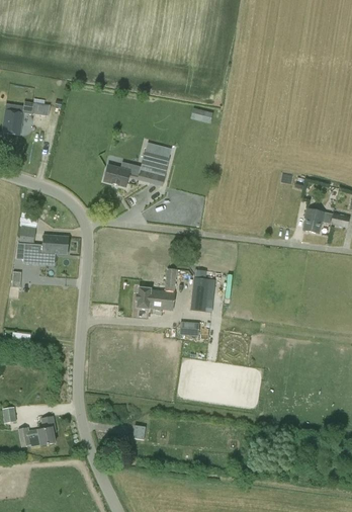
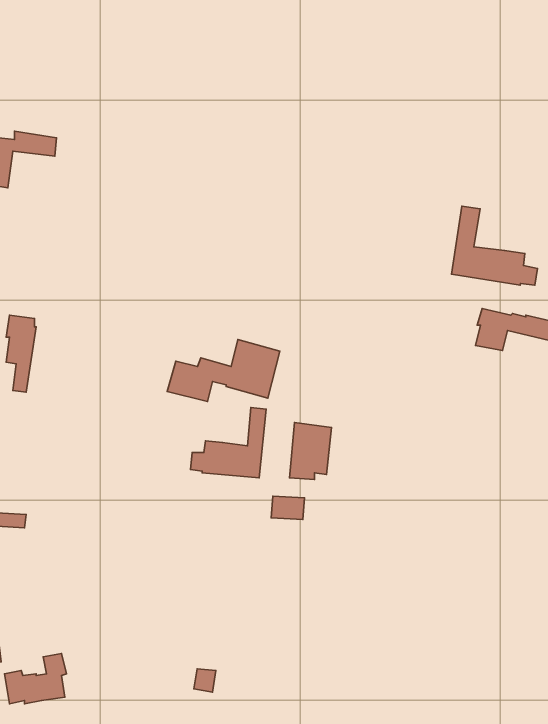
building: none -> [451,206,537,285]
building: [102,151,170,188] -> [167,340,280,402]
building: [42,236,68,255] -> none

